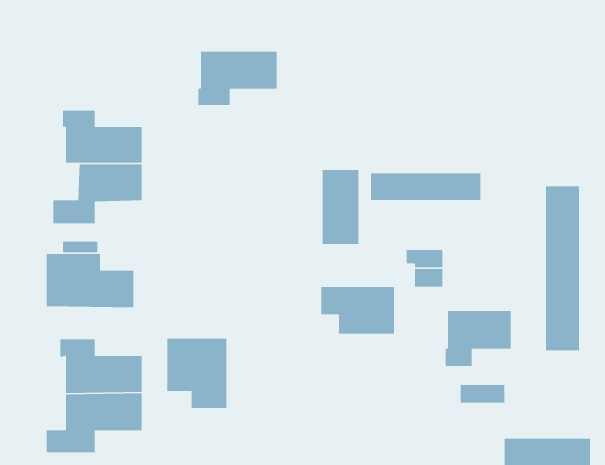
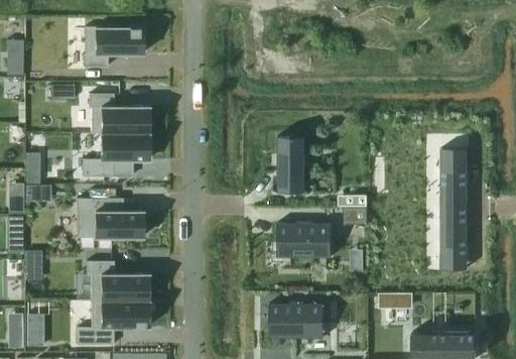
building: [197,51,277,106] -> [83,27,141,68]
building: [370,173,481,201] -> none
building: [445,310,512,367] -> none
building: [167,338,227,409] -> none
building: none -> [270,304,324,339]

